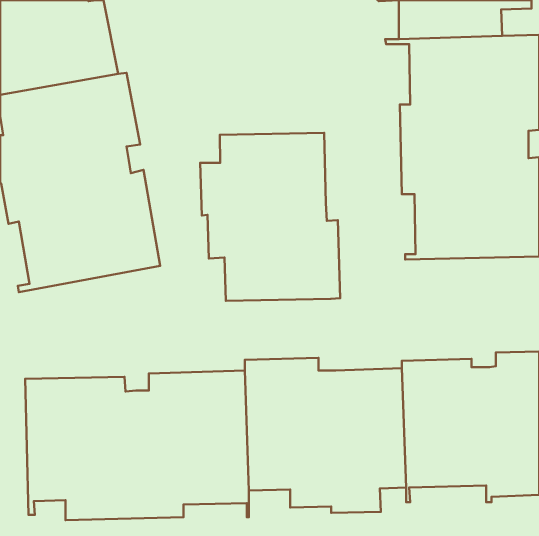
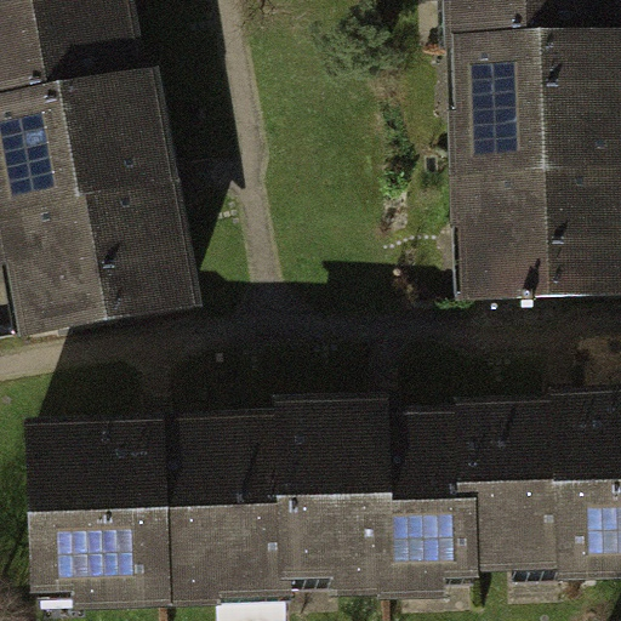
building: [200,133,340,301] -> none

